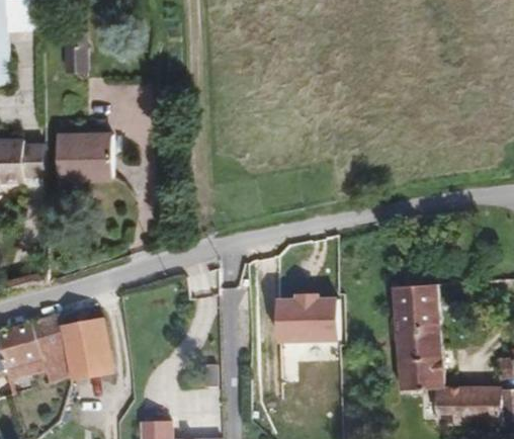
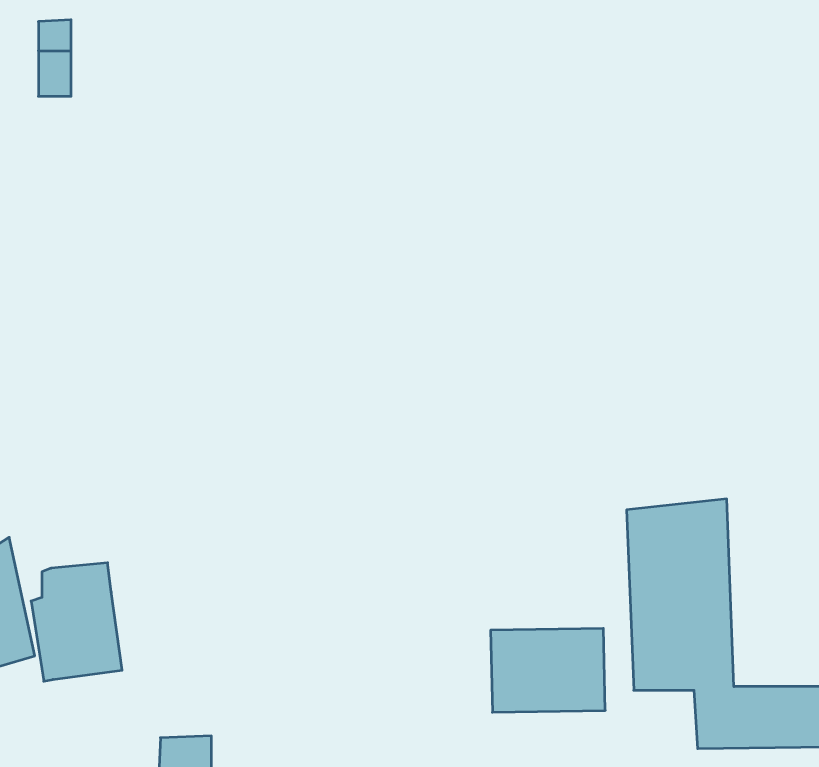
building: [58,128,112,170] -> none
building: [270,292,334,339] -> [491,628,605,712]

